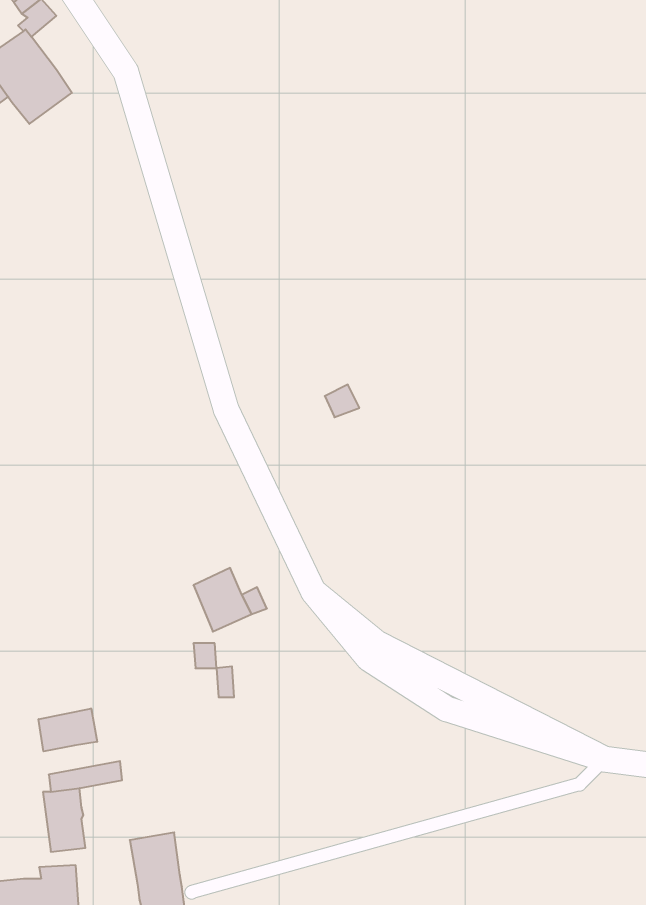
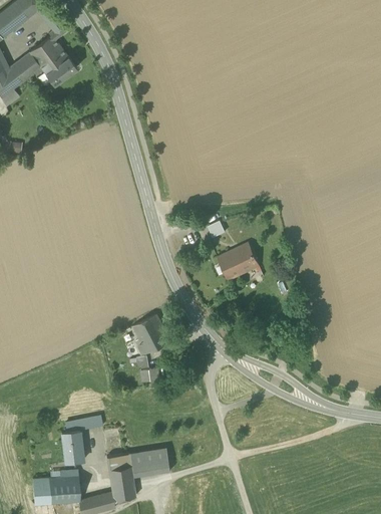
building: none -> [217,244,259,280]
building: [39,708,97,751] -> none
building: none -> [129,448,169,477]

